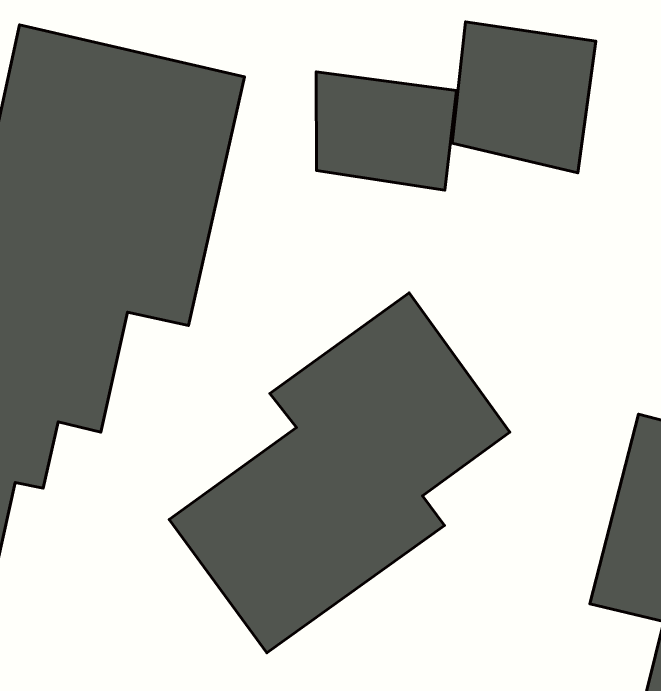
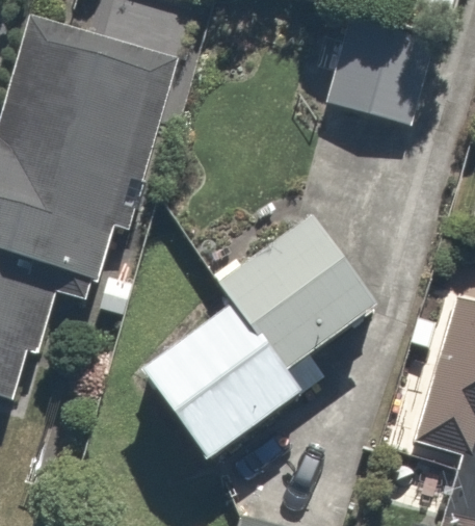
building: [316,72,456,190] -> none

